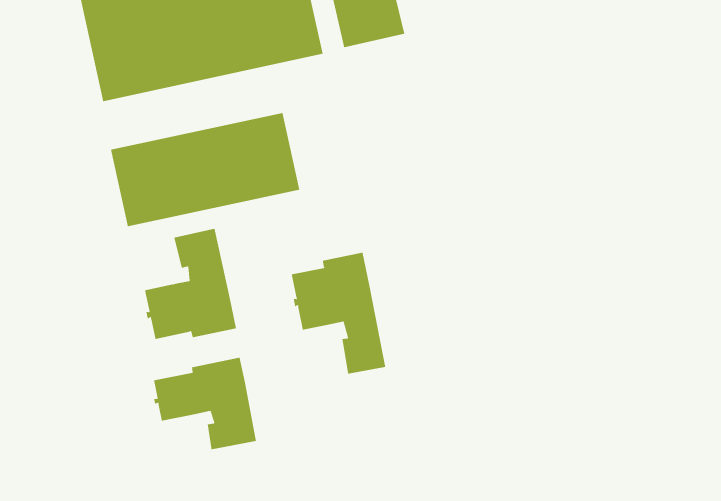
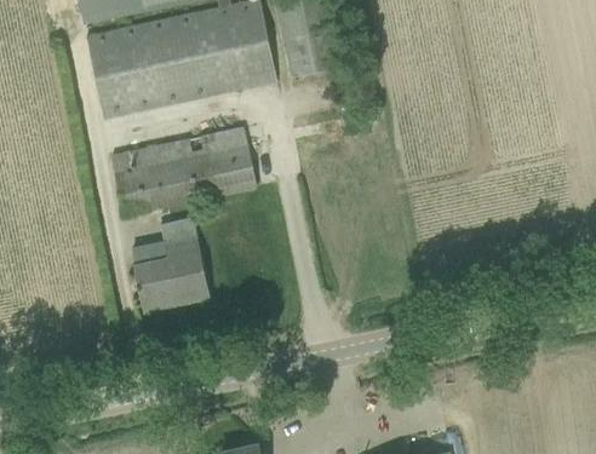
building: [291,252,386,375] -> none
building: [153,357,257,450] -> none

